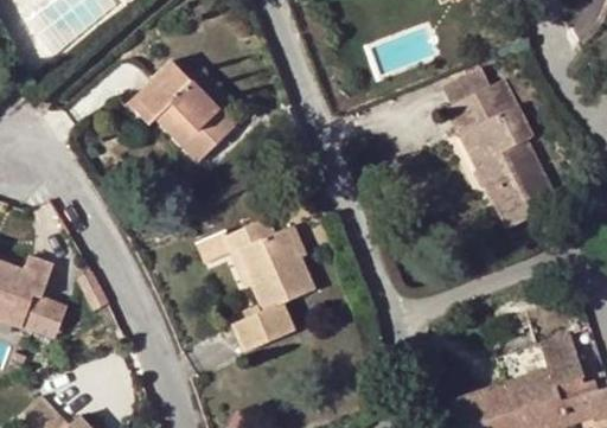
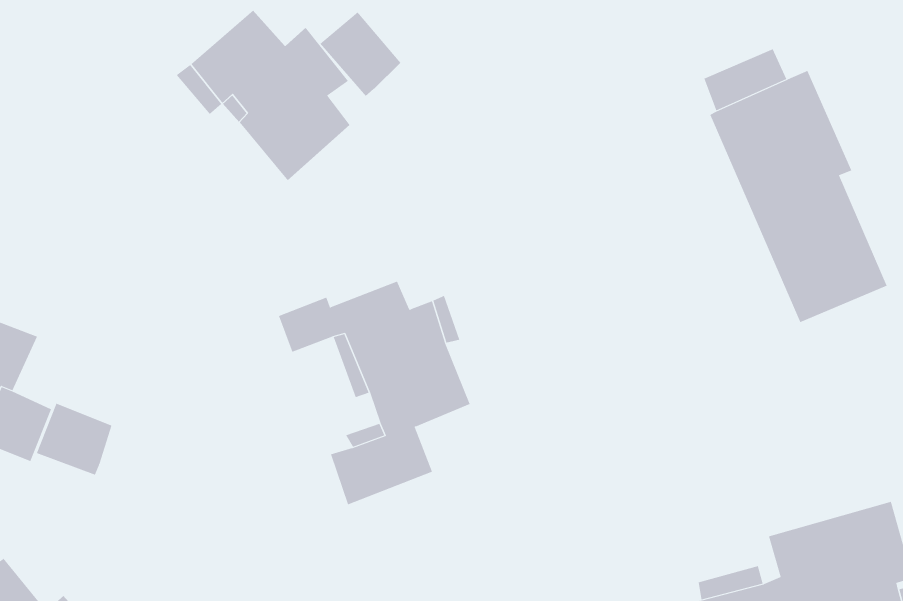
building: none -> [319,11,401,97]
building: none -> [36,403,112,476]

